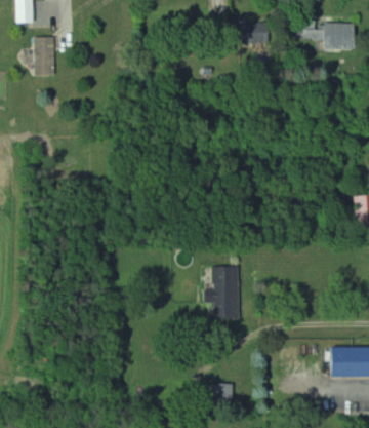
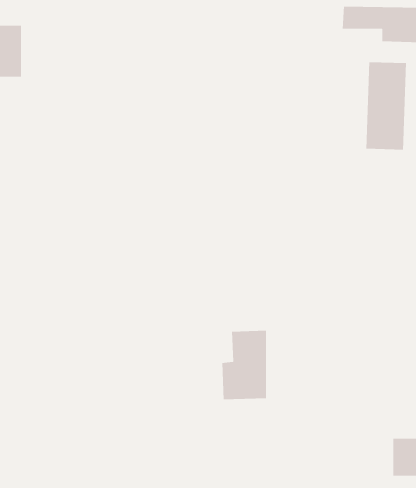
building: [232,24,268,44] -> none
building: none -> [366,61,407,151]

